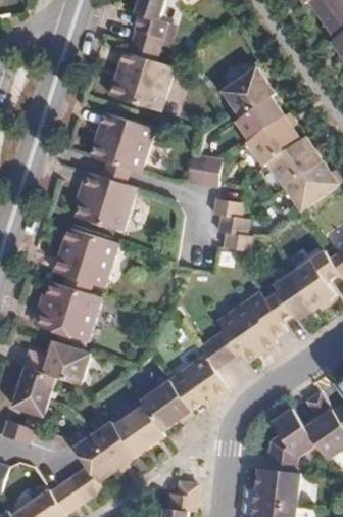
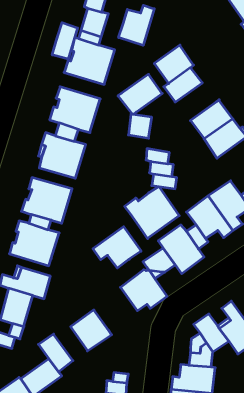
building: none -> [119,5,154,45]
building: none -> [52,23,78,59]
building: [244,113,300,165] -> [118,74,162,114]
building: none -> [125,187,179,239]
building: none -> [93,227,141,268]
building: [142,379,192,428] -> none
building: [94,419,137,467] -> none

